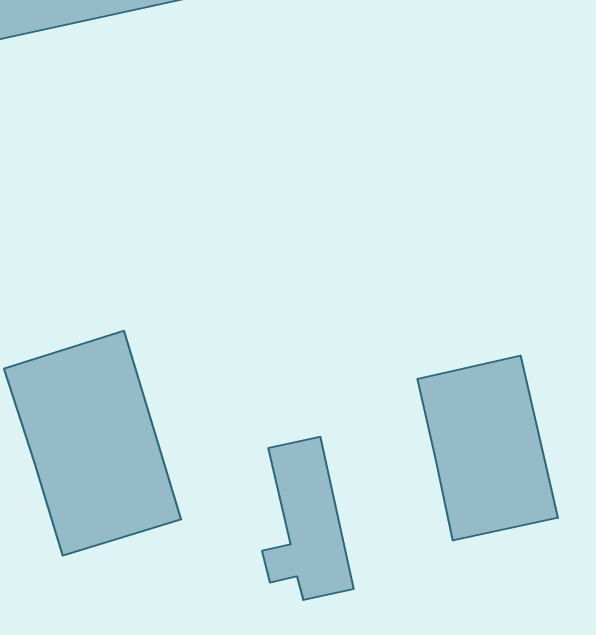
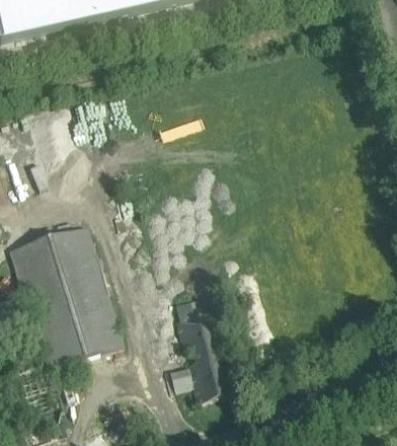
building: [418,356,558,541] -> none

